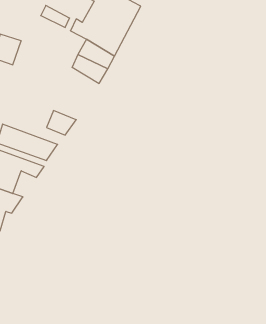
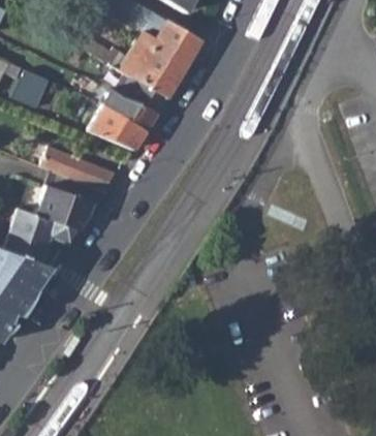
building: none -> [93,105,150,149]
building: none -> [44,146,94,183]

